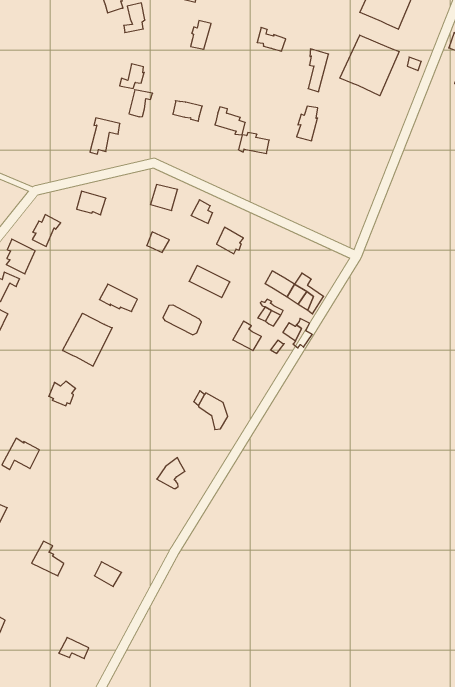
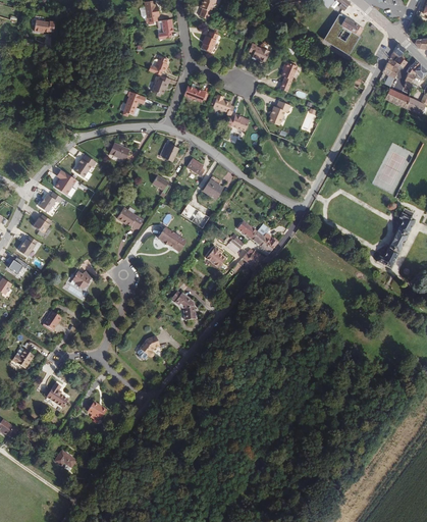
building: [340,35,399,96] -> none
building: [63,313,112,366] -> none

